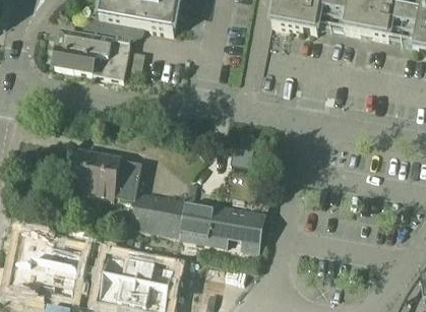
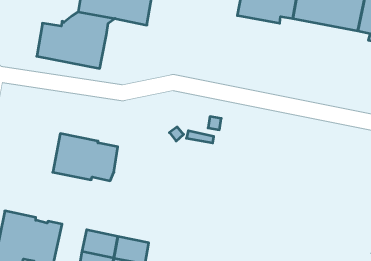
building: [130,191,264,249] -> none

